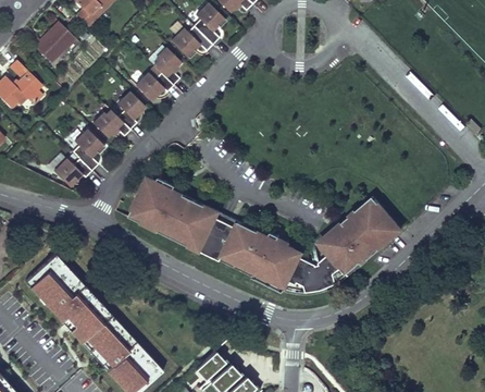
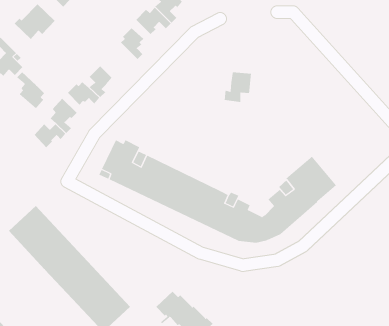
building: [136,74,173,101] -> none
building: none -> [224,71,251,103]
building: none -> [16,72,45,109]

